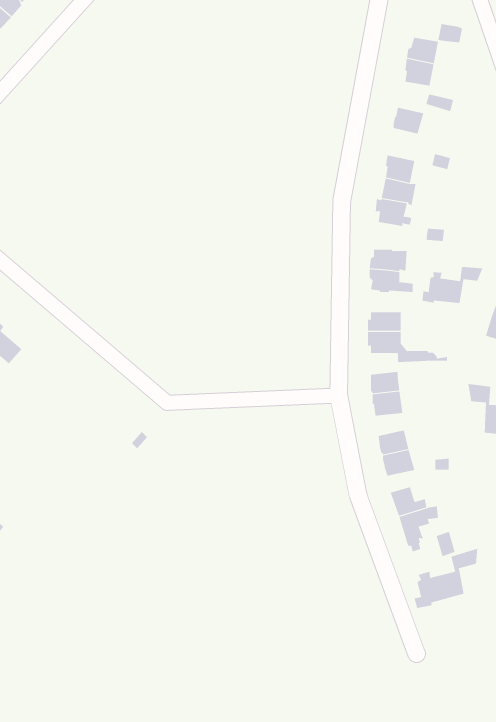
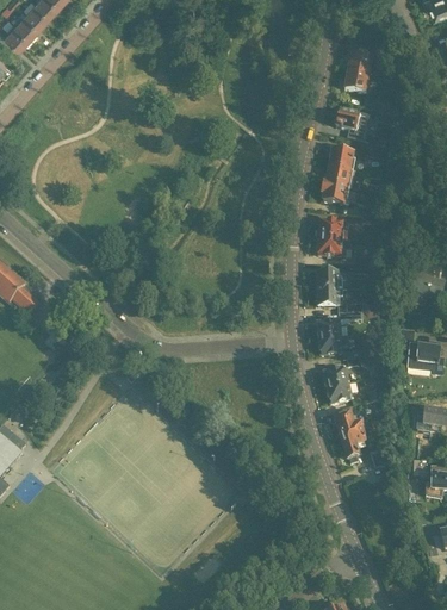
building: [422,266,483,304] -> none
building: [414,548,478,609] -> none

